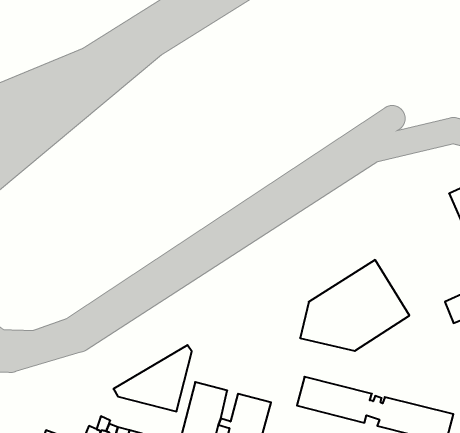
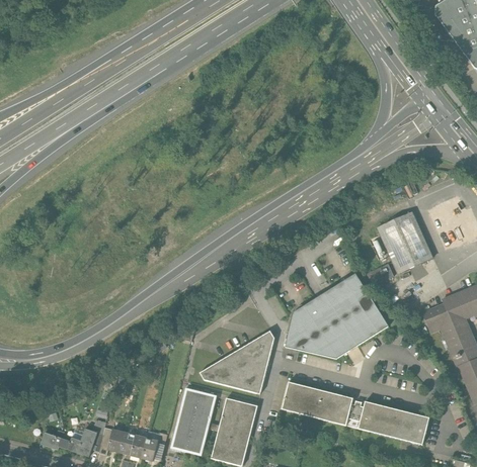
building: none -> [376,211,432,273]
building: [113,345,192,411] -> [201,332,274,394]

